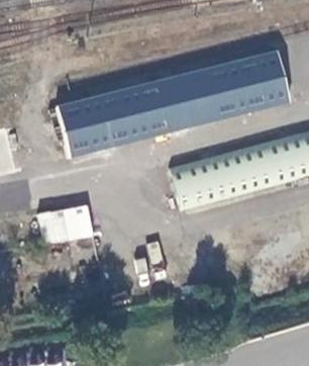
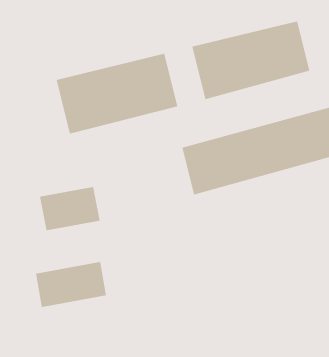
building: [153,77,190,131] -> none
building: none -> [36,261,106,308]

